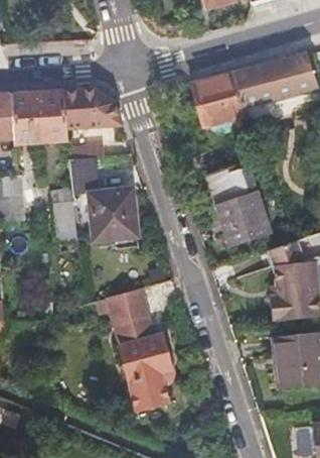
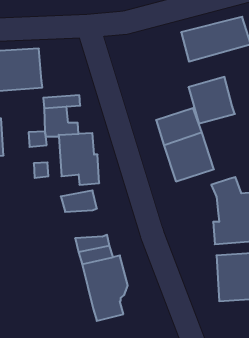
building: [191,72,246,126] -> [188,77,235,123]
building: [67,90,127,128] -> none
building: [105,288,147,313] -> [61,190,97,212]

